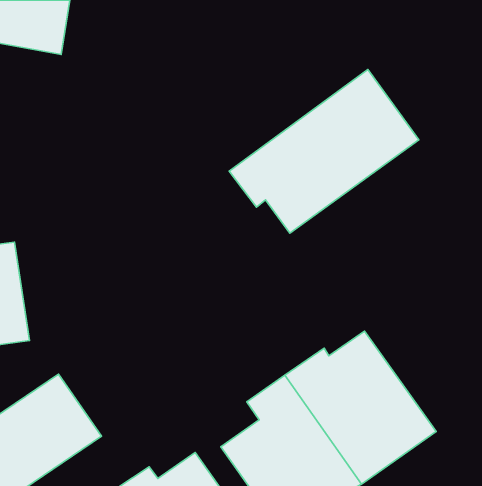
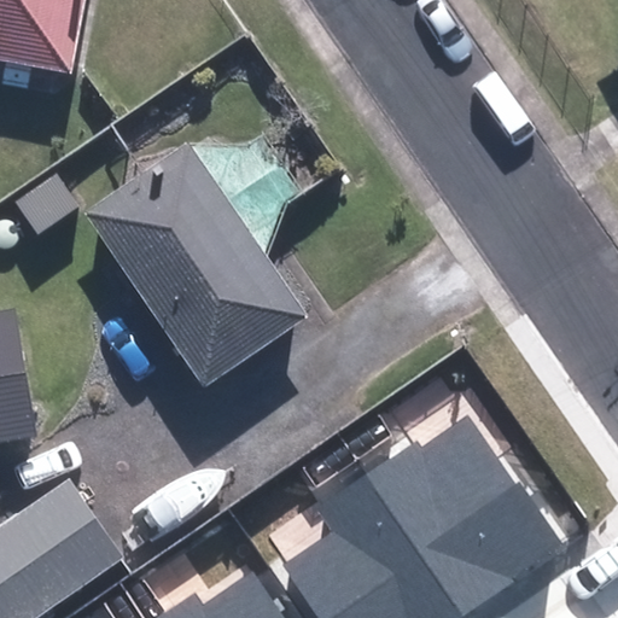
building: [229,70,419,233] -> none
building: none -> [88,147,305,381]

